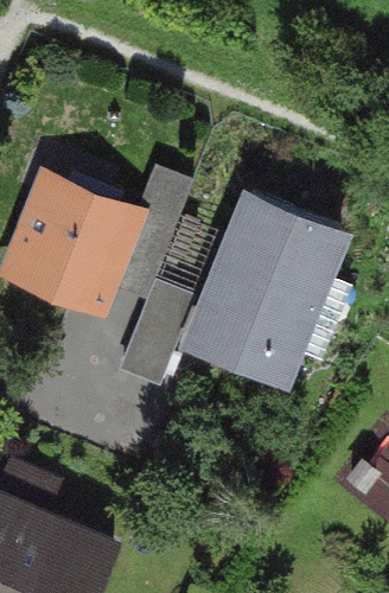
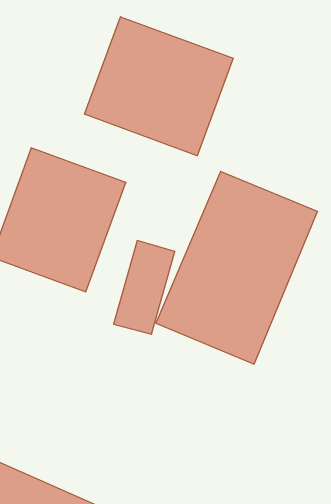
building: none -> [85,17,233,156]

